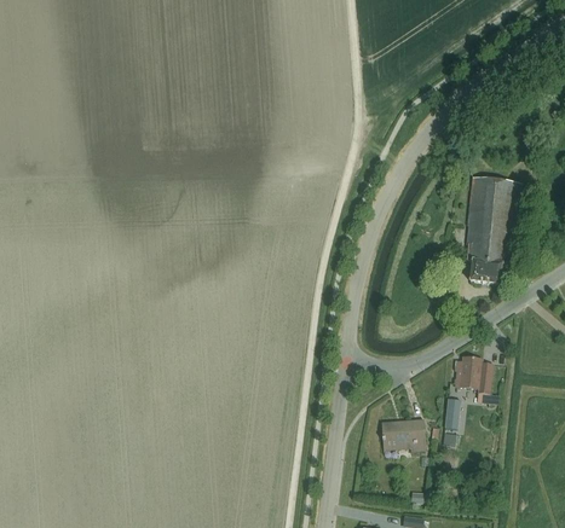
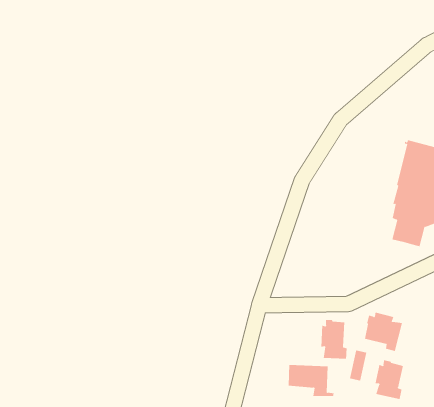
building: none -> [321,319,347,360]
building: none -> [375,359,404,400]

